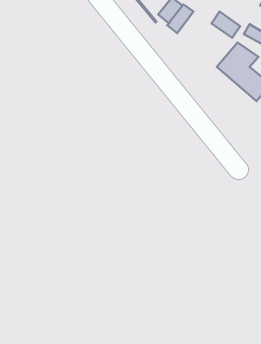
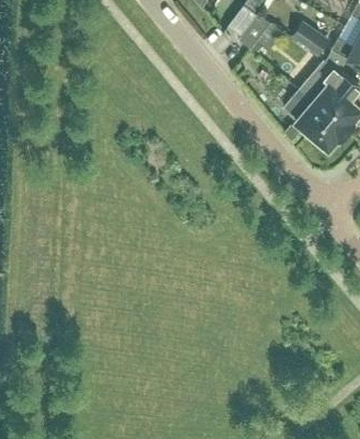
building: none -> [283,91,347,152]

